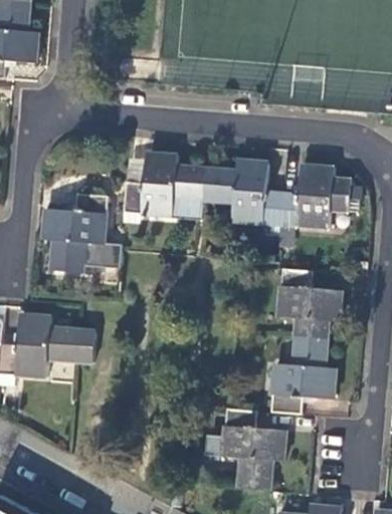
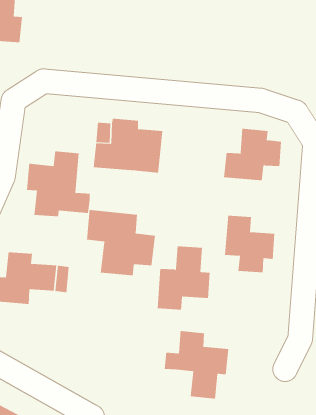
building: [204,160,282,224] -> none
building: none -> [87,209,156,276]
building: [272,336,337,414] -> [157,246,210,310]

